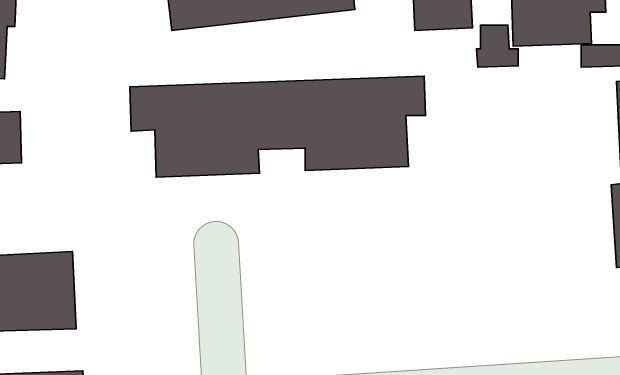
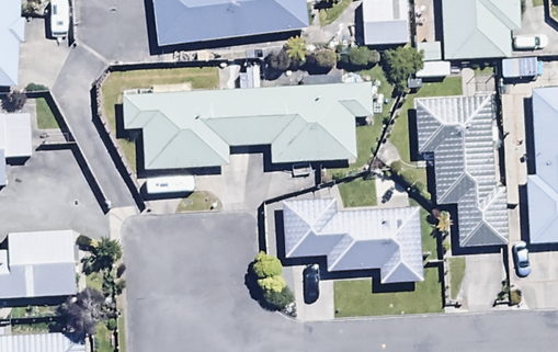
building: none -> [417,96,508,248]
building: none -> [282,197,423,282]

